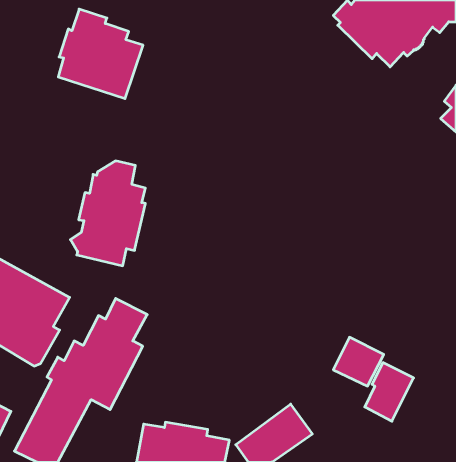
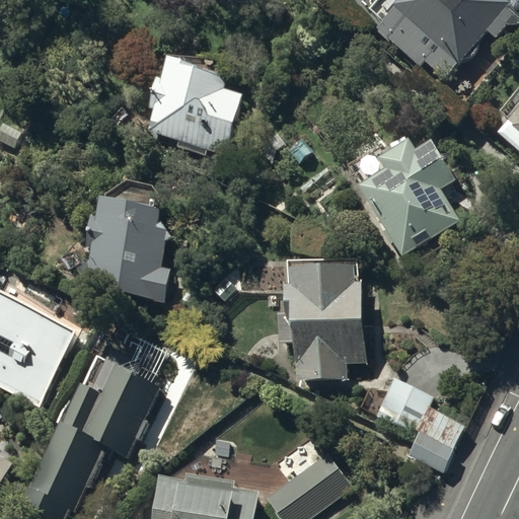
building: [58,9,143,99] -> [149,55,244,155]
building: none -> [349,139,460,254]
building: none -> [280,261,364,379]

